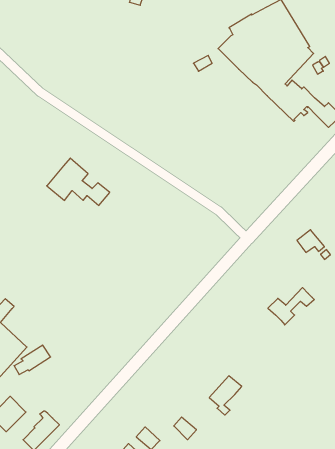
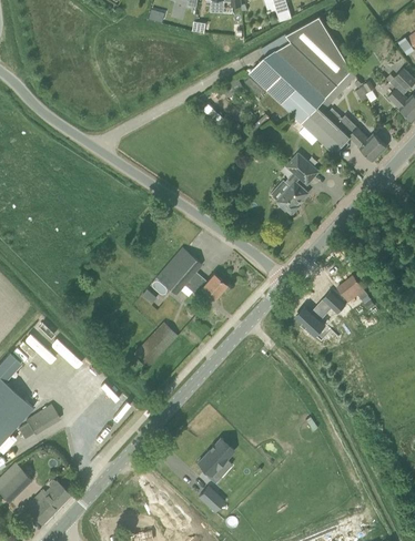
building: none -> [270,152,318,214]
building: [47,158,110,205] -> [155,247,226,300]
building: none -> [133,323,178,368]
building: [268,288,314,325] -> [292,299,344,341]
building: [209,376,242,415] -> [198,439,234,483]

